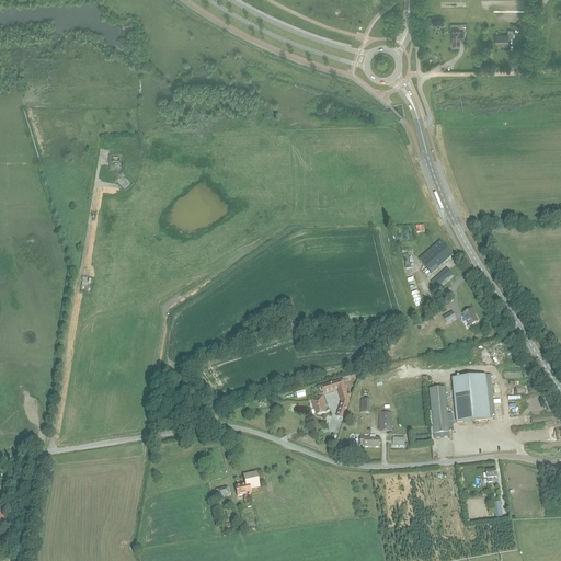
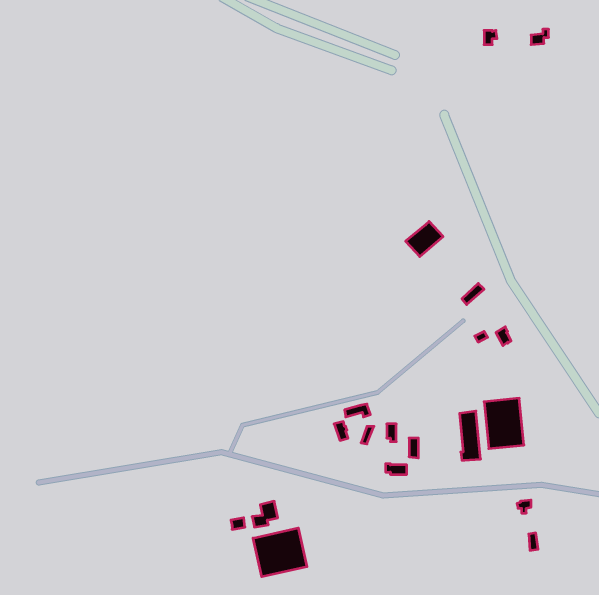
building: [419,238,454,271] -> [406,221,443,257]
building: none -> [253,528,307,577]

